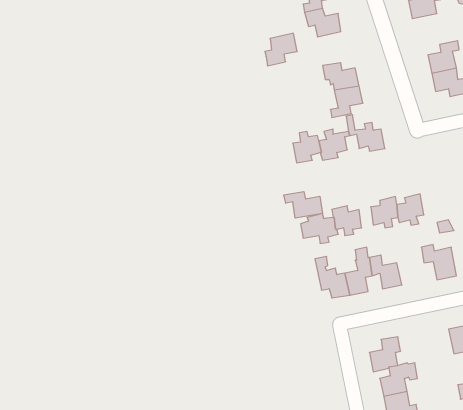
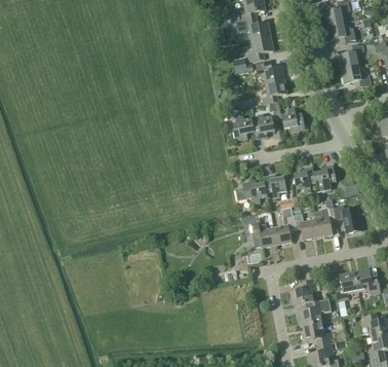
building: none -> [326,22,356,44]
building: [265,33,297,66] -> [247,36,273,62]
building: [284,192,323,218] -> none
building: none -> [314,207,336,236]
building: none -> [336,271,359,299]

